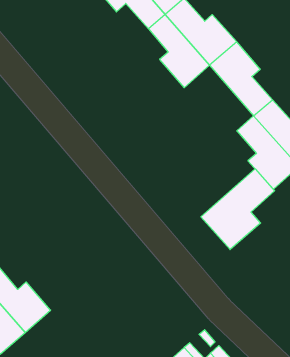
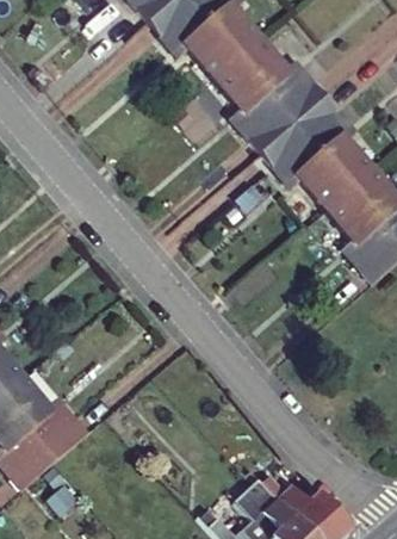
building: none -> [258,122,346,205]
building: [201,169,275,250] -> none

